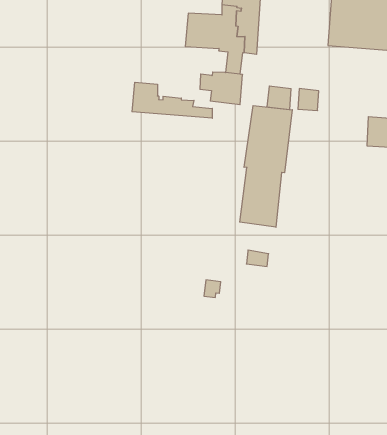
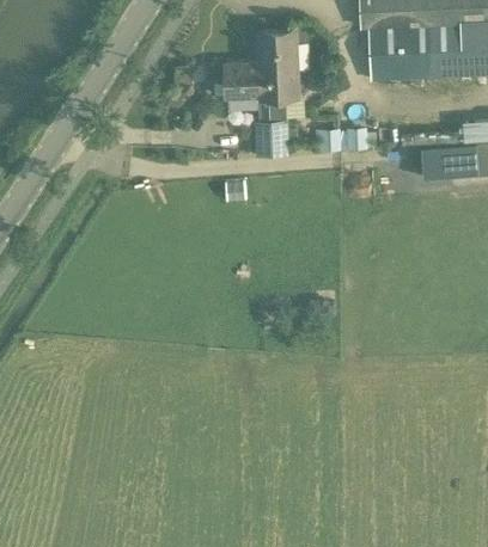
building: [132,82,212,118] -> none
building: [240,106,292,227] -> none

